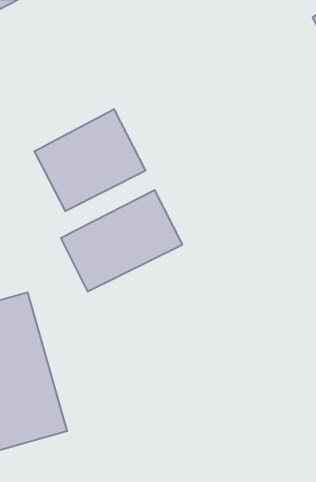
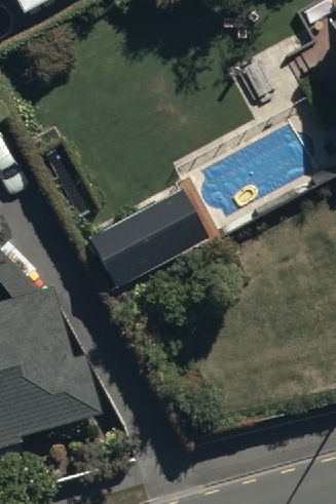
building: [34,109,145,211] -> none

